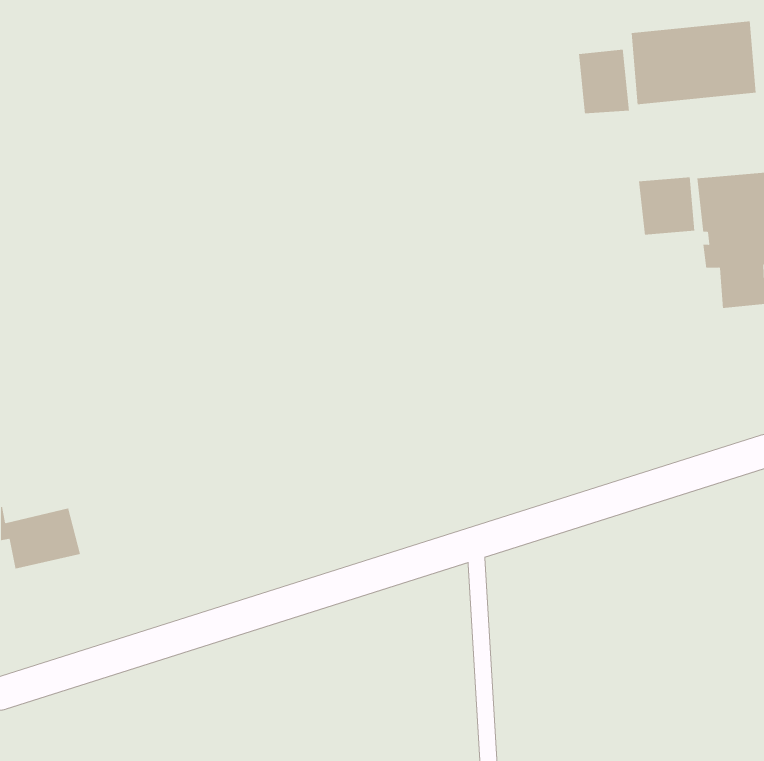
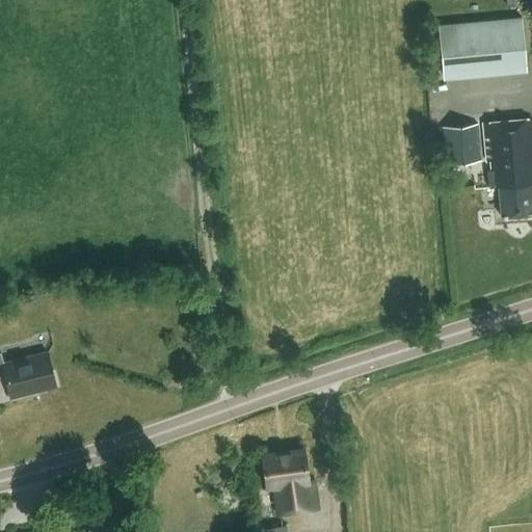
building: [579,49,630,114] -> none
building: none -> [263,451,317,516]

